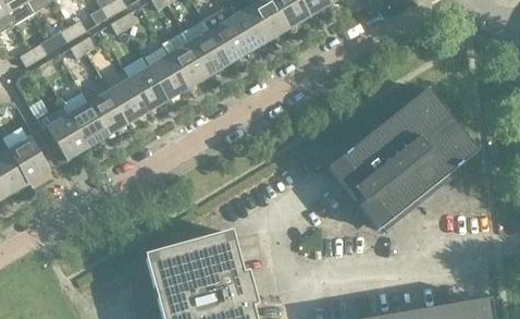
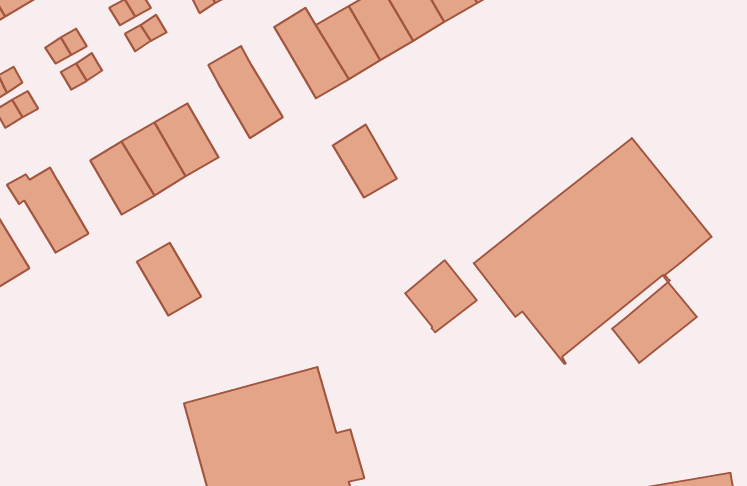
building: [189,28,230,74] -> [333,125,397,197]
building: [149,53,188,99] -> none
building: [67,101,108,147] -> [137,243,201,316]
building: none -> [405,260,477,332]
building: none -> [612,282,697,363]

